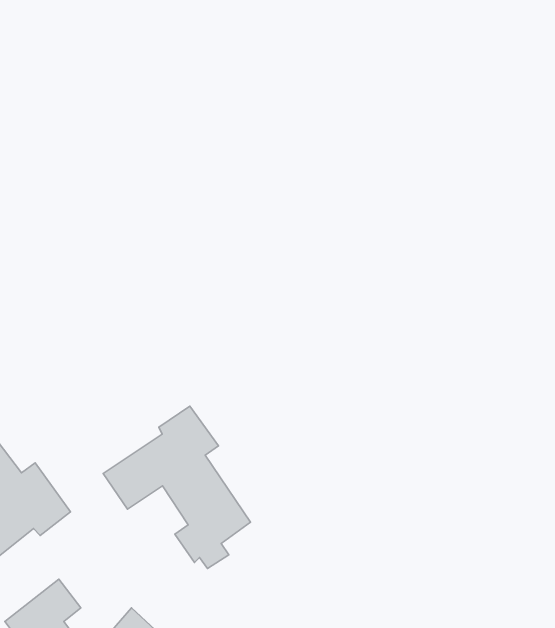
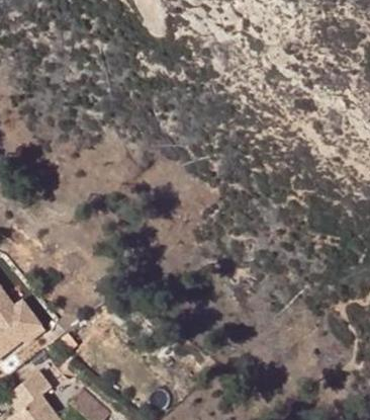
building: [103,406,250,569] -> none

